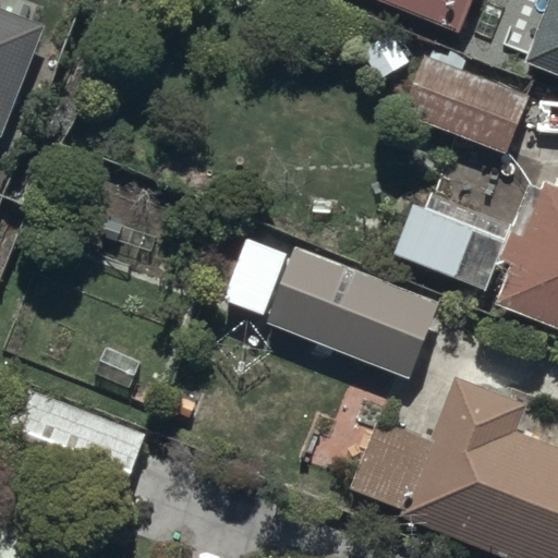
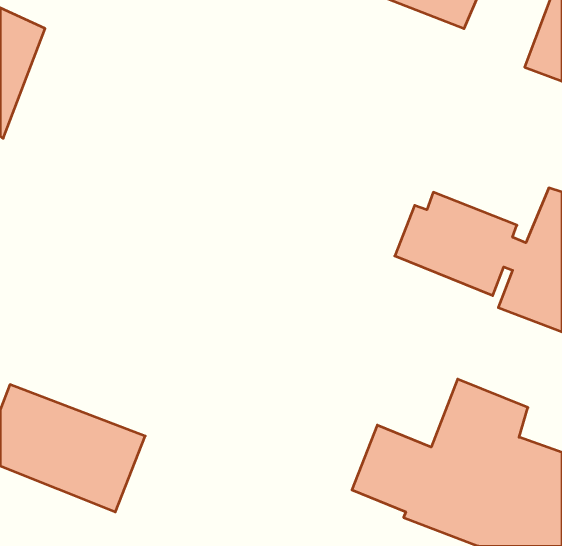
building: [400,38,529,155] -> none
building: [265,246,437,375] -> none

